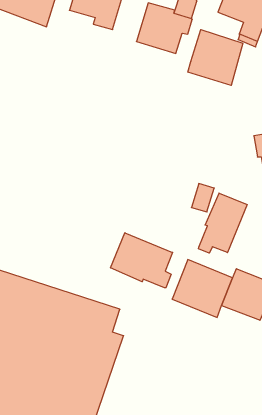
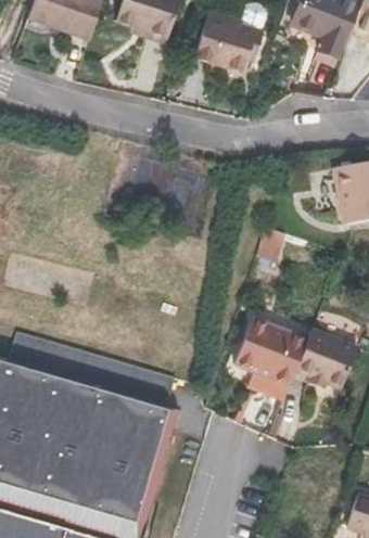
building: [188,30,243,85] -> none
building: [199,193,247,253] -> none
building: [111,233,173,288] -> none

